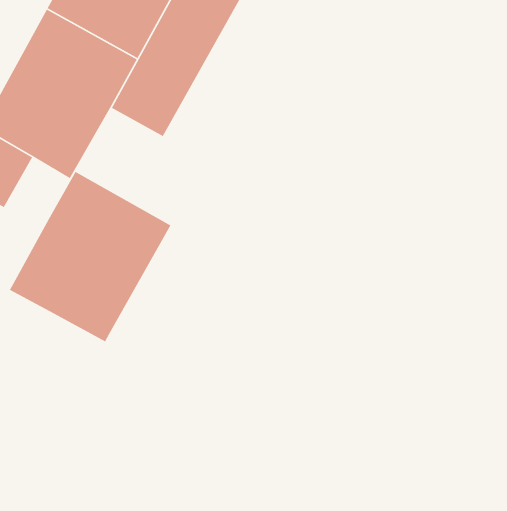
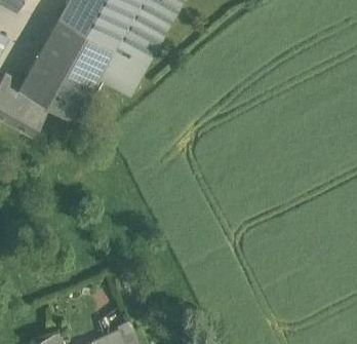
building: [9,171,172,342] -> none

